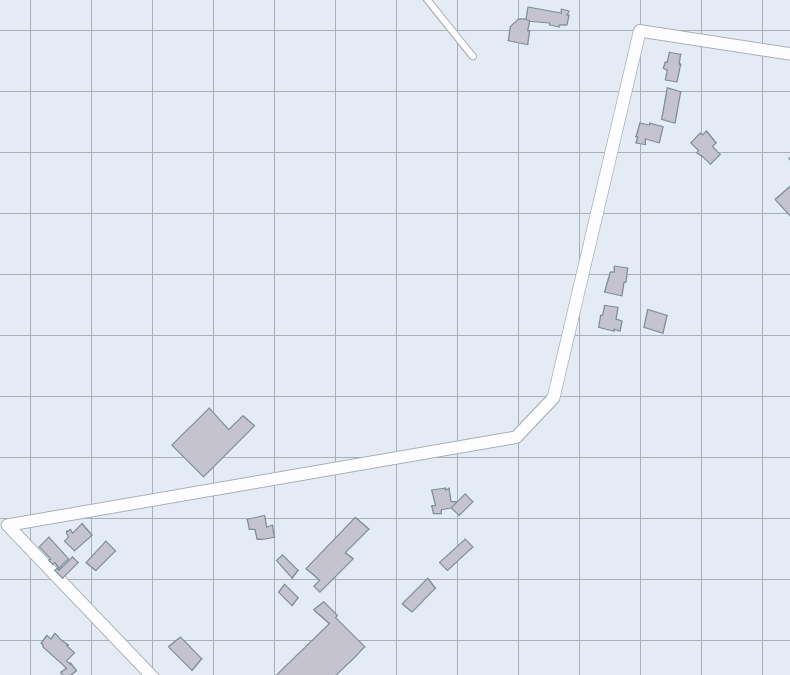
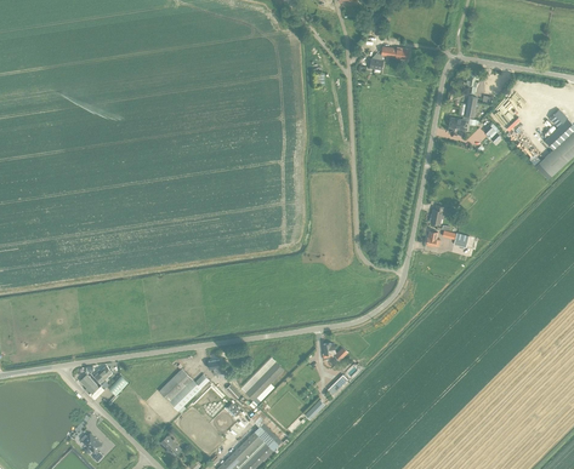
building: [172,408,254,477] -> [157,367,208,410]

